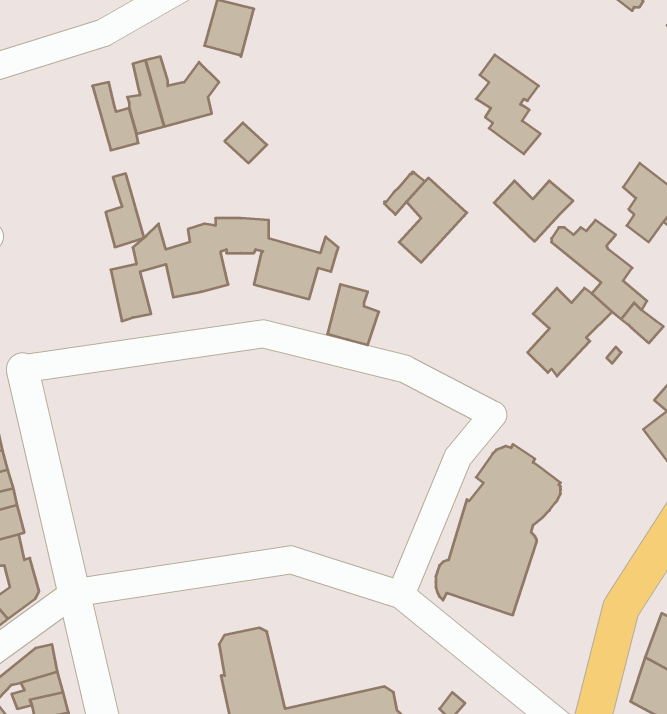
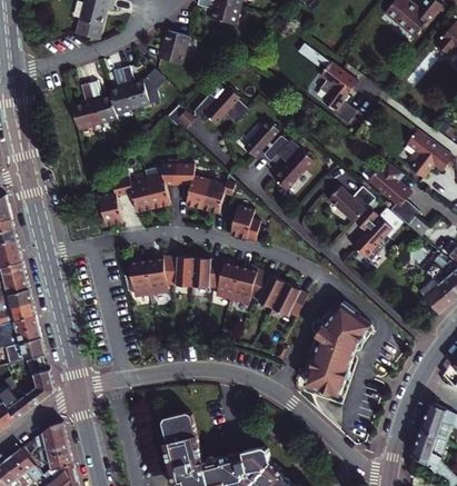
building: none -> [191,87,248,125]
building: none -> [244,121,279,157]
building: [106,174,144,247] -> [74,83,98,128]
building: [494,181,573,241] -> [328,186,376,222]
building: none -> [123,255,307,317]

